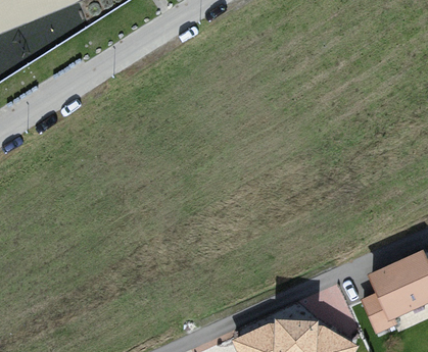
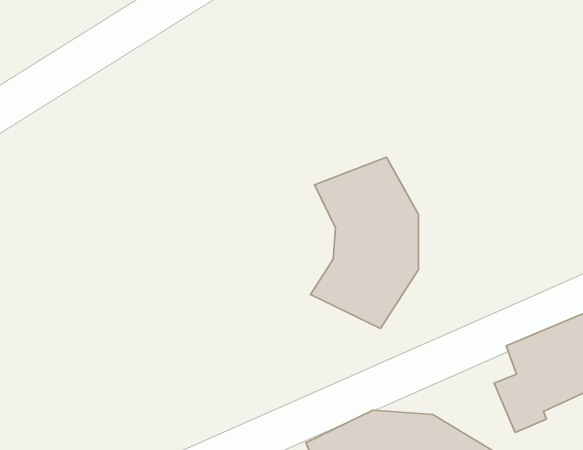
building: none -> [311,157,419,329]

